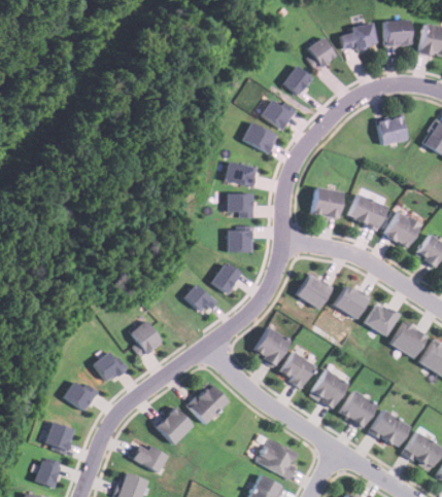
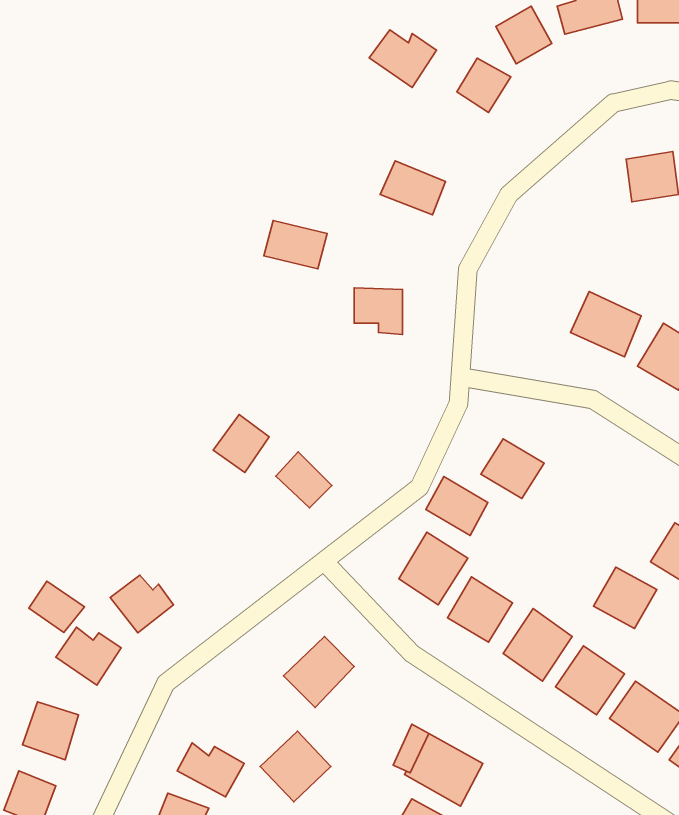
building: [261,99,298,131] -> [369,30,436,88]
building: [224,161,259,187] -> [264,220,327,269]
building: [311,189,342,219] -> none
building: [228,228,253,252] -> none
building: [211,262,242,294] -> [213,415,269,472]
building: [335,286,369,319] -> none
building: none -> [426,476,488,535]
building: [365,303,400,336] -> [594,567,657,629]
building: [131,320,164,358] -> none
building: none -> [29,581,84,633]
building: [155,406,194,446] -> [260,731,331,802]

